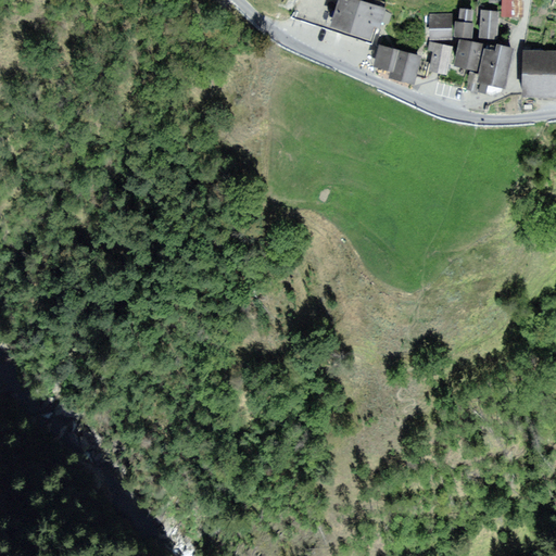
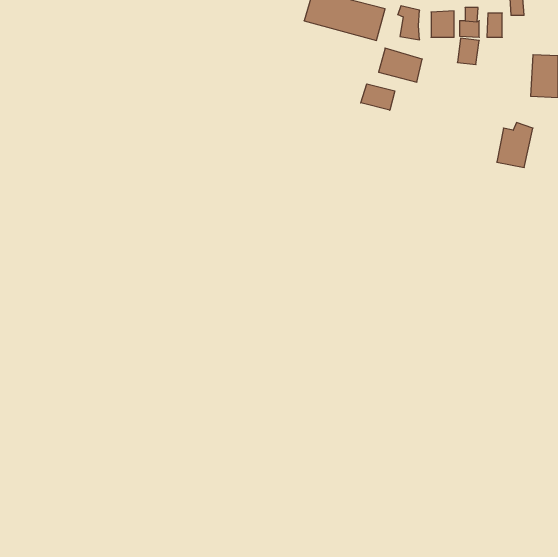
building: [426,39,447,73] -> [398,6,420,40]
building: [477,40,513,85] -> [497,123,533,167]
building: none -> [361,84,395,110]

